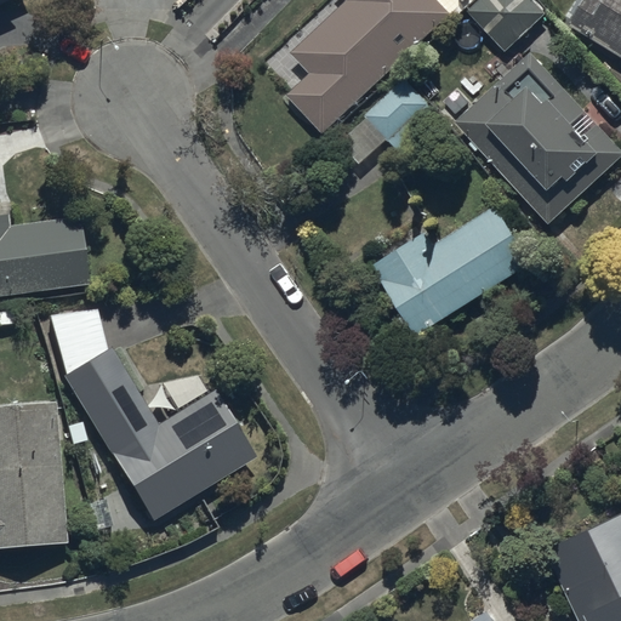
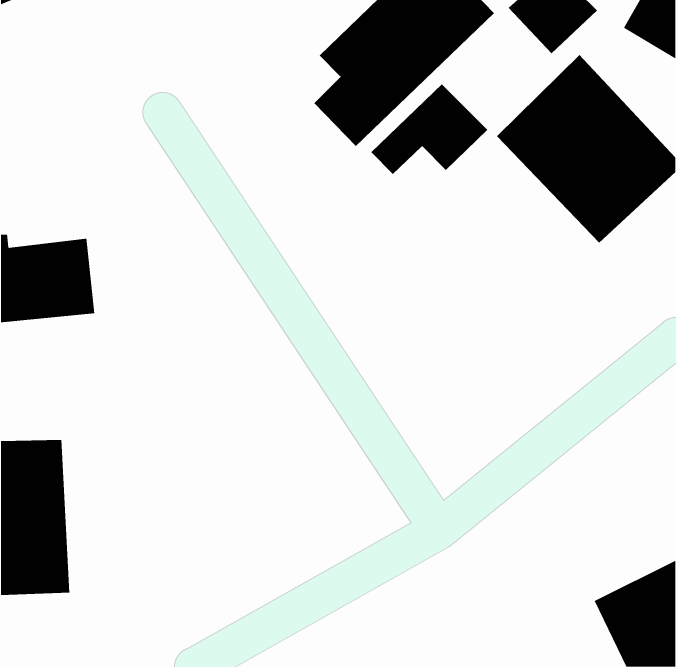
building: [371,204,535,337] -> none
building: [49,297,256,522] -> none

